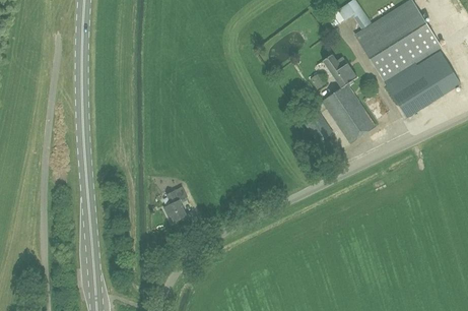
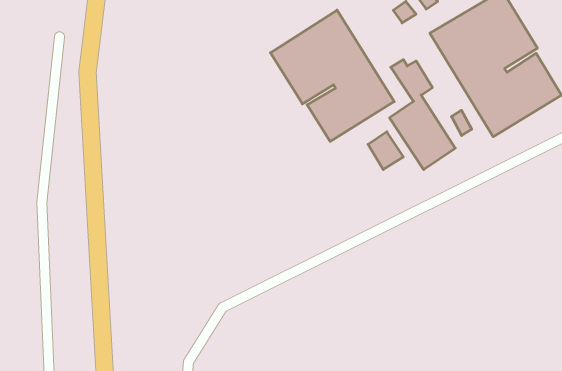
building: none -> [270,10,394,141]
building: [163,187,188,221] -> none

